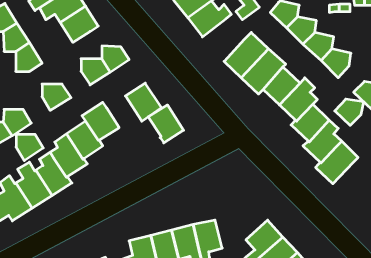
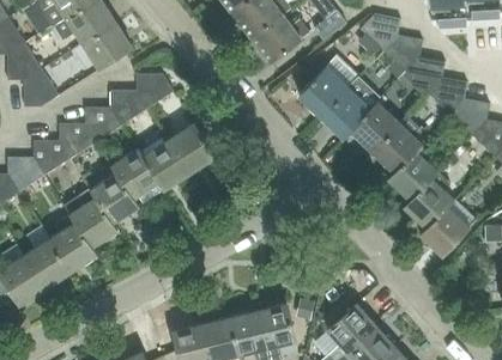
building: none -> [84,108,121,142]
building: [335,99,364,125] -> [449,100,488,135]
building: [148,105,184,143] -> [143,140,189,190]
building: [16,134,43,161] -> [32,141,68,176]

